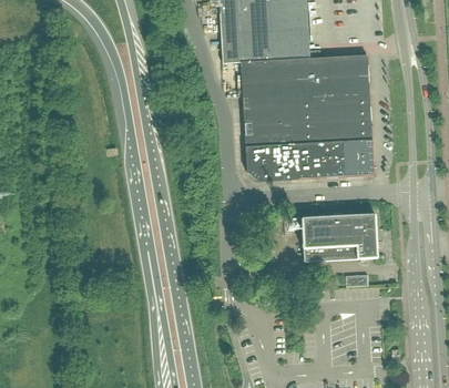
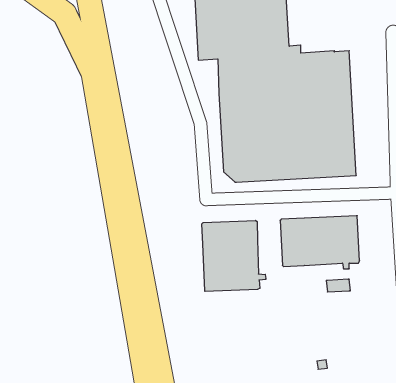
building: none -> [202,220,266,291]

